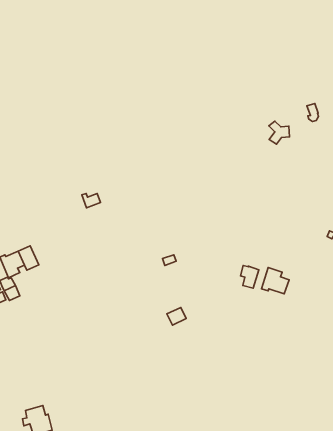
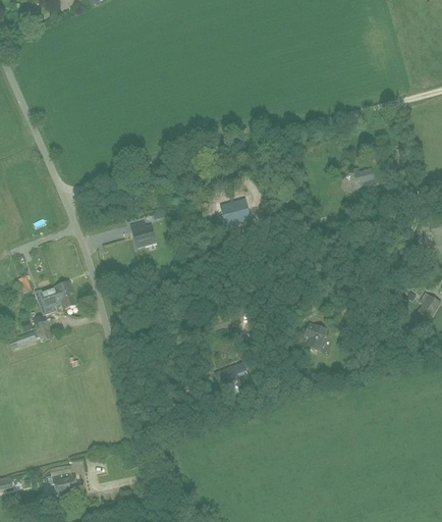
building: none -> [225,200,250,223]
building: [262,267,289,294] -> none

